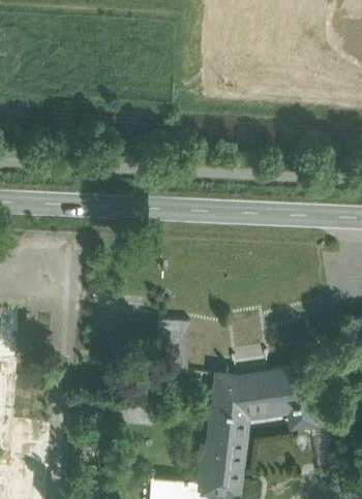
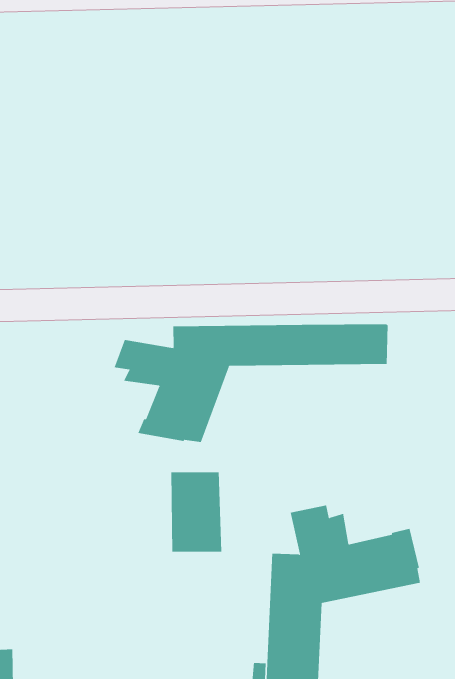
building: none -> [114,323,388,443]

